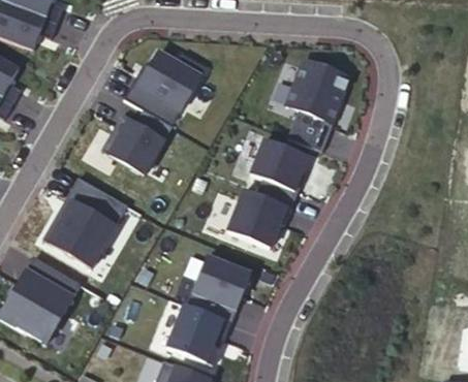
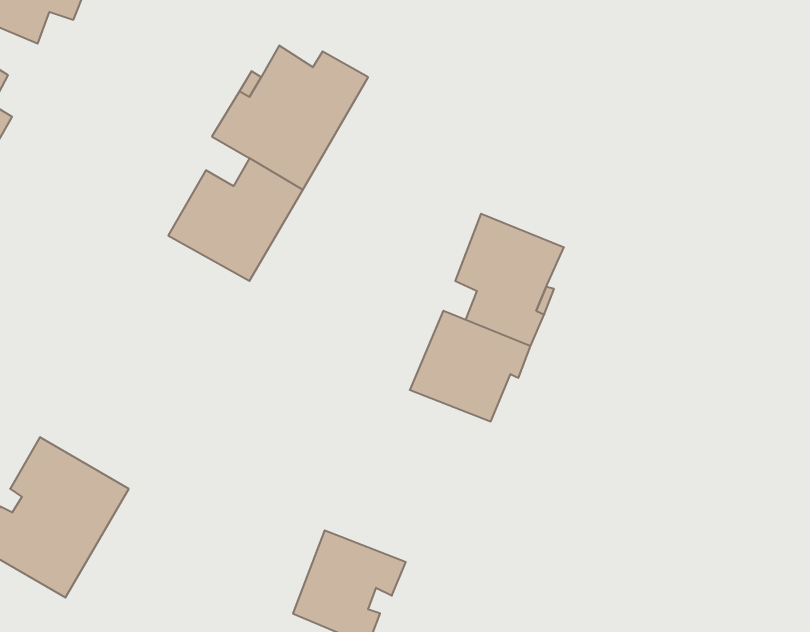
building: [286,60,350,152] -> none
building: [42,178,128,267] -> none
building: [180,252,242,321] -> none

